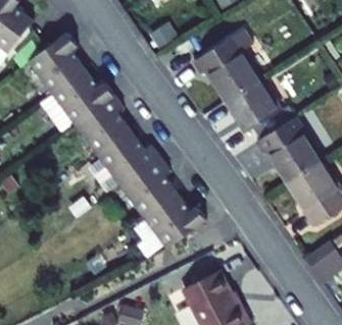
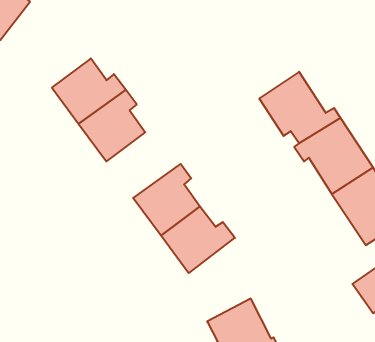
building: [190,30,258,102] -> none
building: [27,33,83,93] -> none
building: [96,130,158,185] -> none

